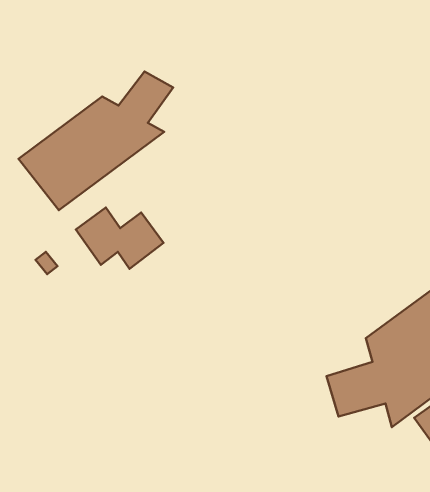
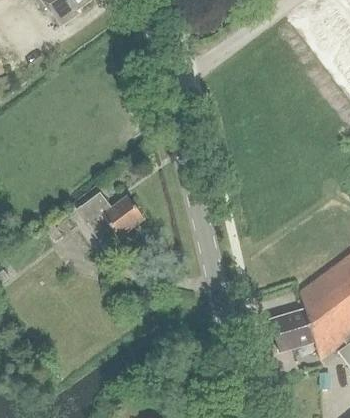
building: [19,72,173,210] -> none

